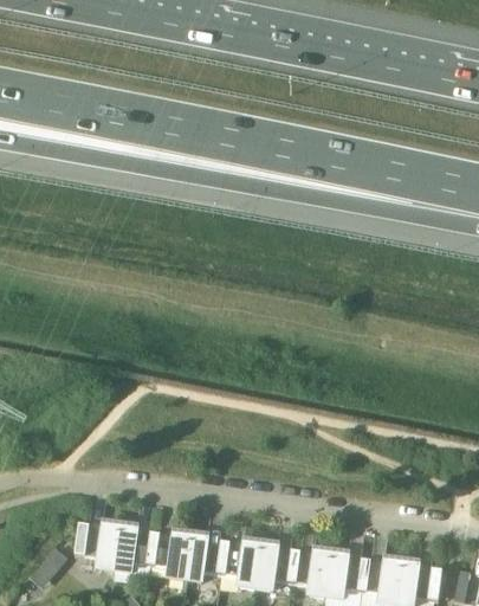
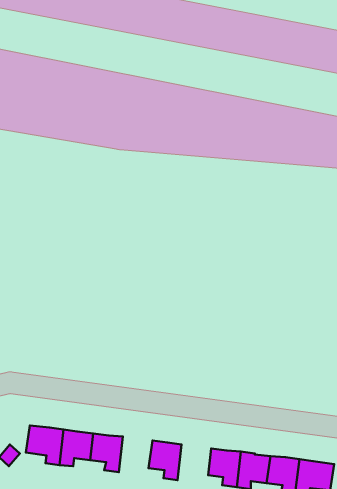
building: [185,537,225,582] -> none
building: [254,547,294,591] -> none

